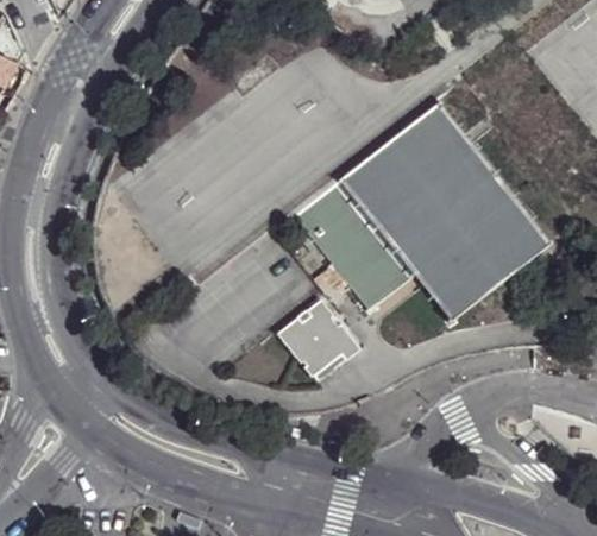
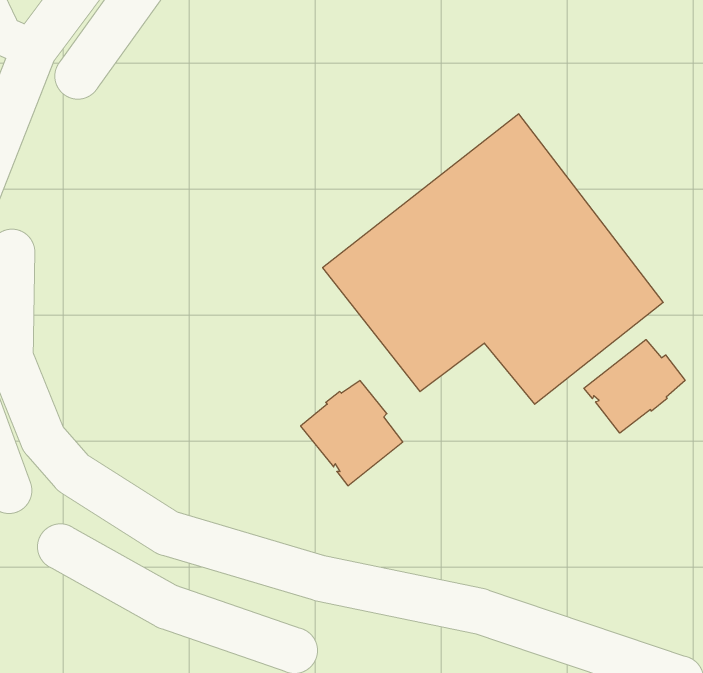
building: none -> [584,340,685,433]

